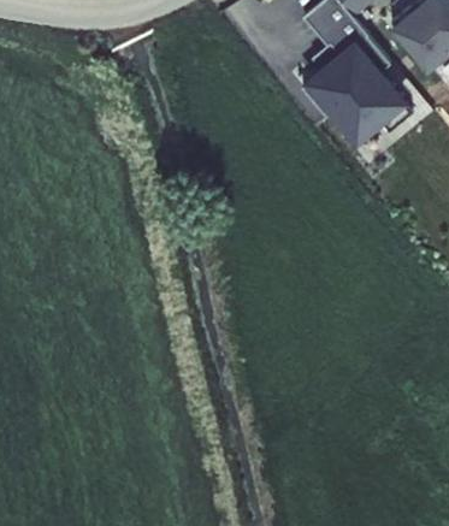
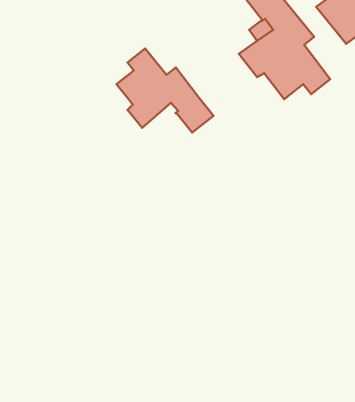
building: none -> [116,49,213,132]

